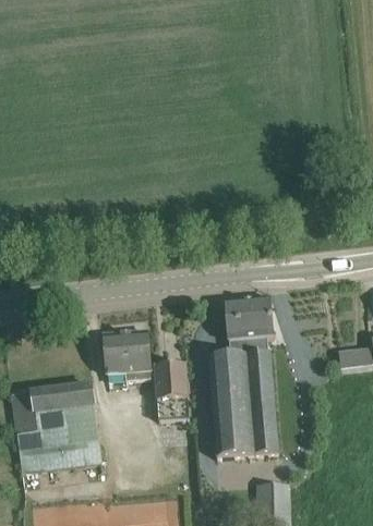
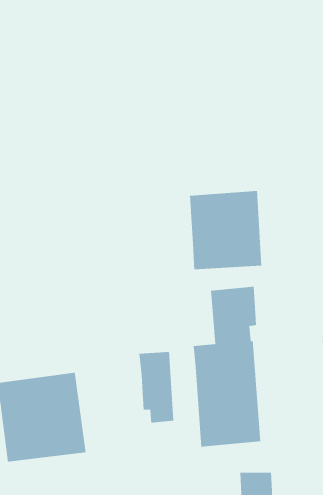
building: none -> [190,190,262,270]
building: [104,328,151,378] -> none

